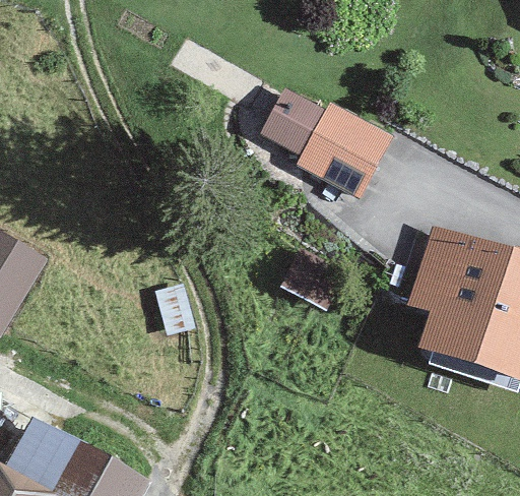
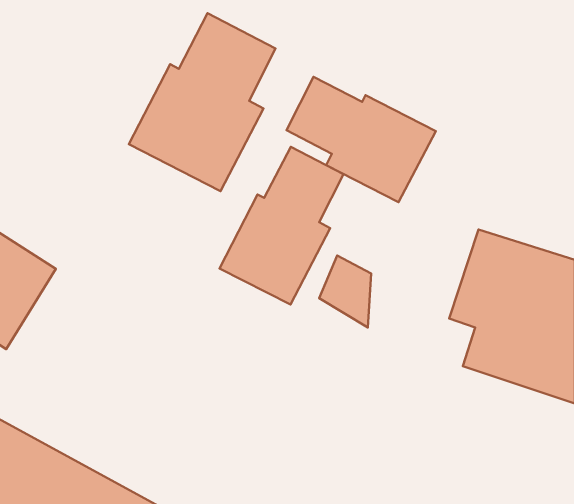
building: none -> [129,13,276,191]
building: none -> [219,147,343,305]

